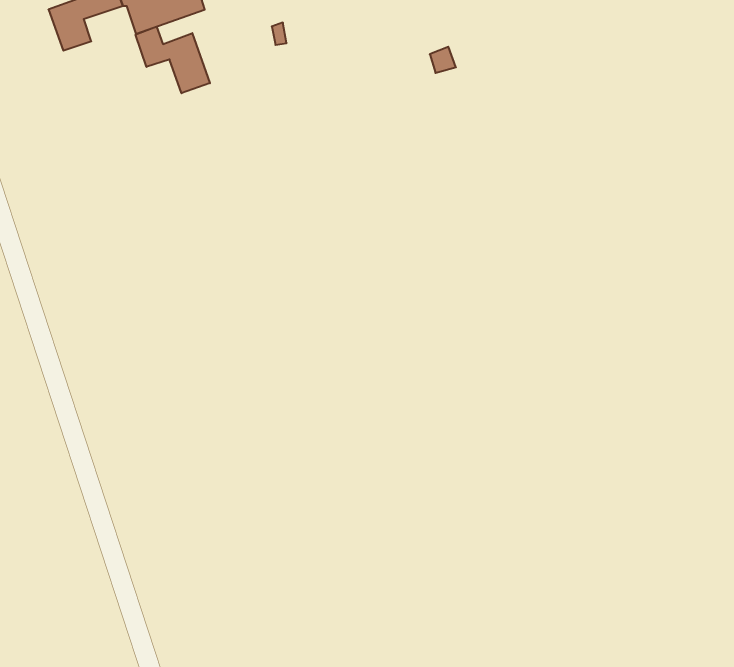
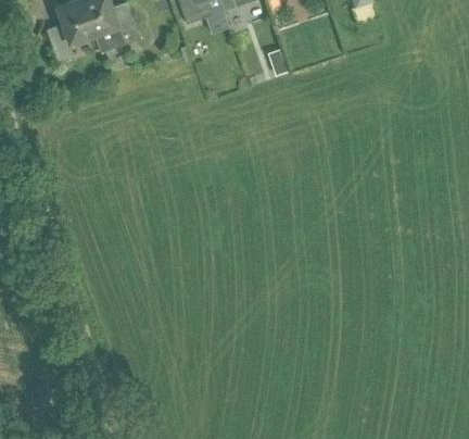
building: [136,27,210,93] -> none

